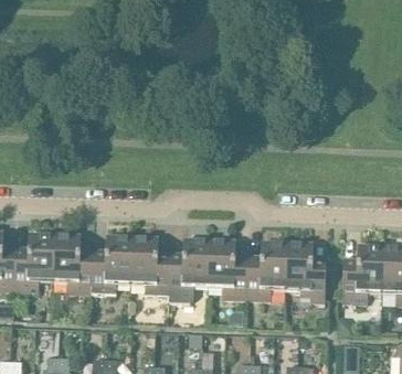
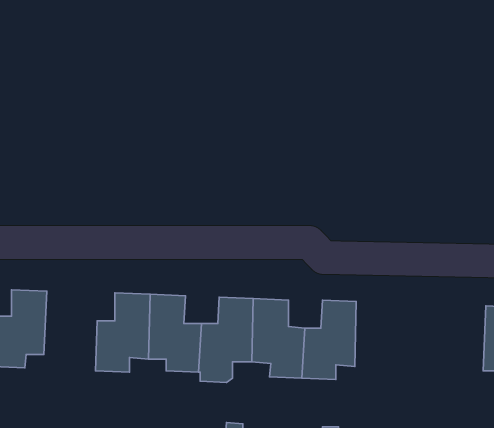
building: [52,234,92,293] -> none
building: [285,242,325,301] -> none
building: [341,244,383,303] -> none

